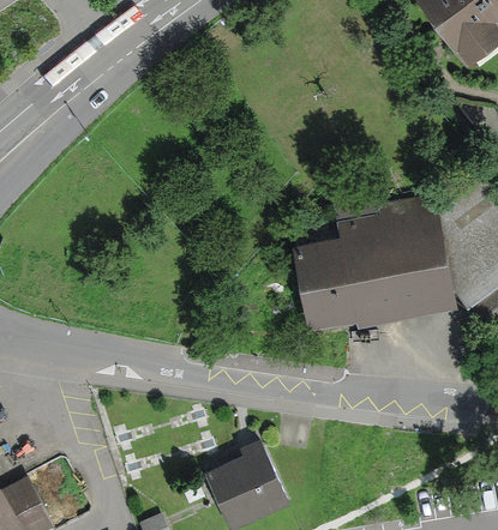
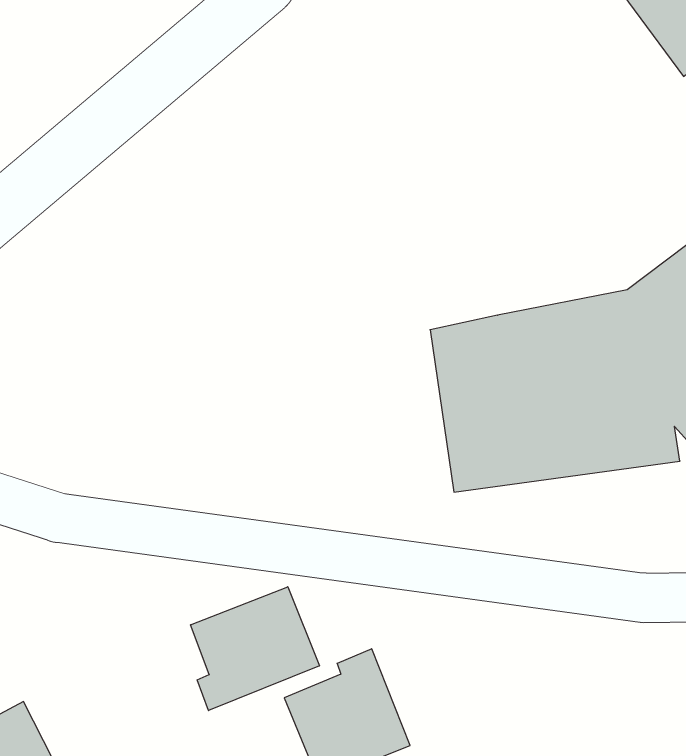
building: none -> [191,587,319,711]

